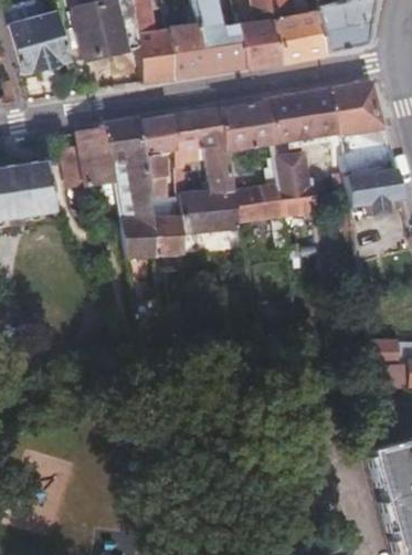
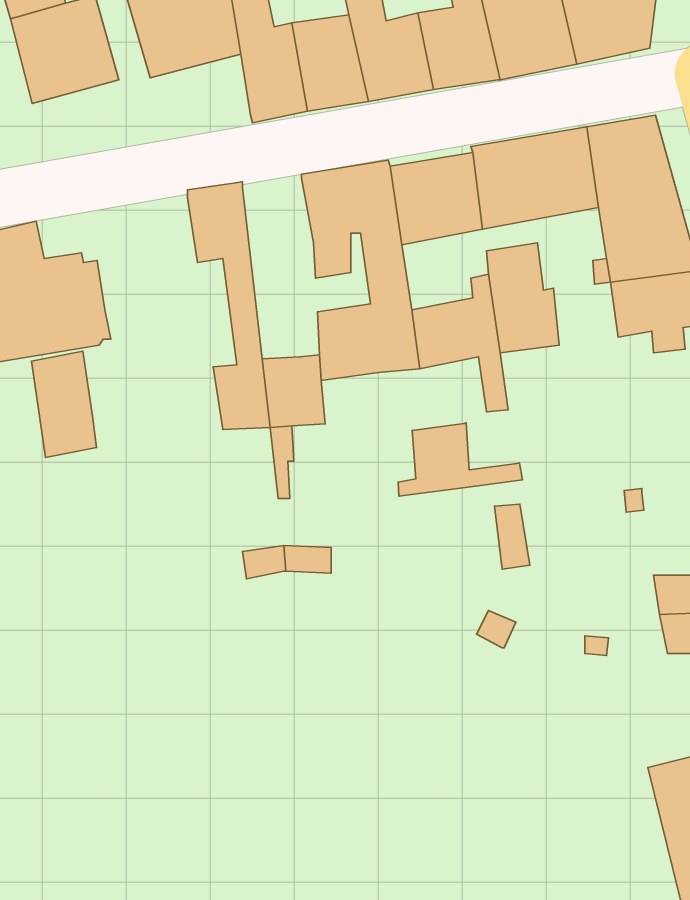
building: [138,117,178,219] -> none
building: [78,128,115,188] -> [32,351,97,457]
building: none -> [398,423,523,496]

